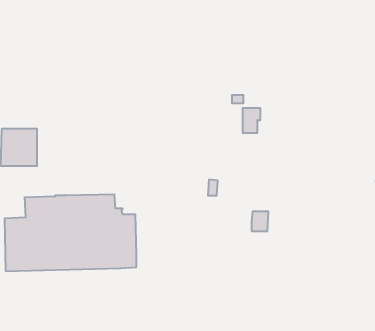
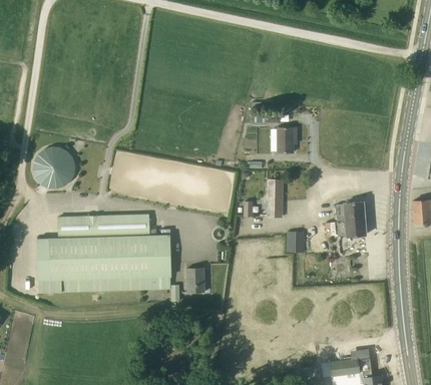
building: none -> [269,179,283,217]
building: none -> [337,202,369,237]
building: none -> [187,269,205,293]

